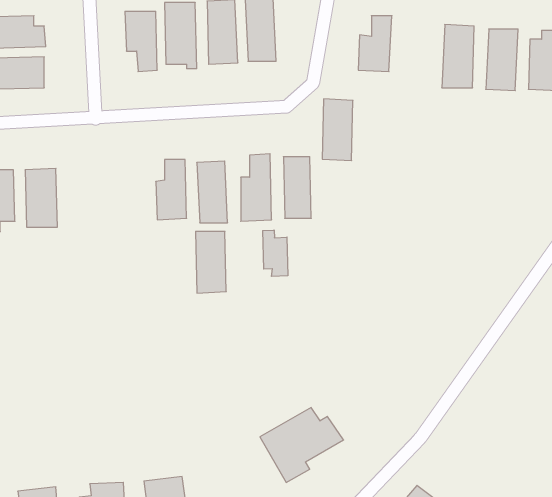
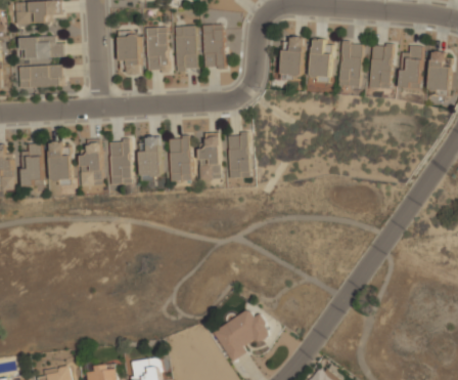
building: [322,99,353,161] -> [311,39,332,82]
building: none -> [80,140,102,186]
building: [263,230,288,276] -> none
building: [196,231,226,293] -> [110,142,132,185]

